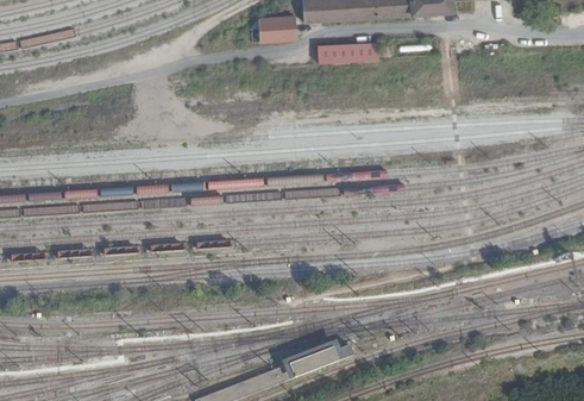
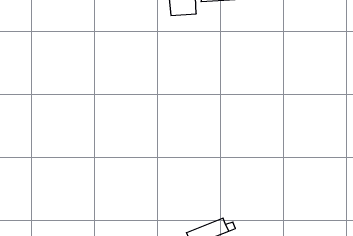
building: [318,43,377,62] -> none

